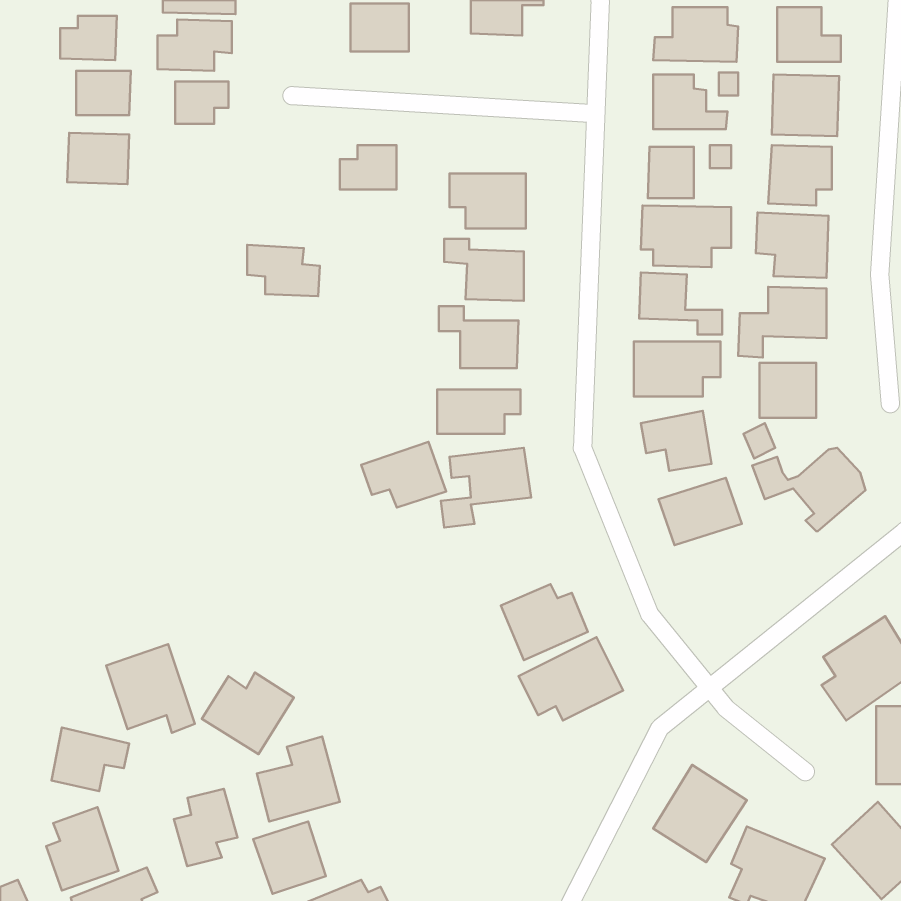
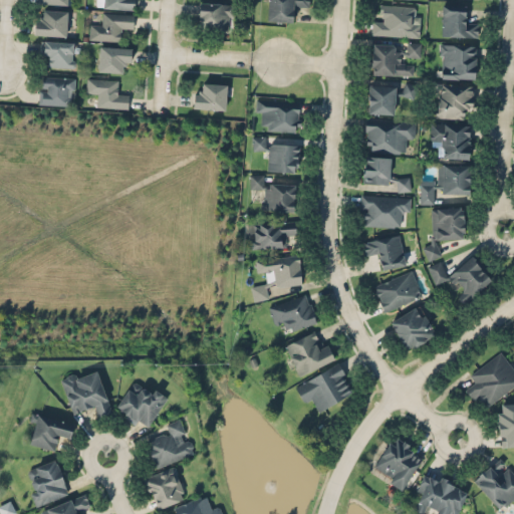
building: [247,245,320,296] -> [88,79,130,108]
building: [361,442,446,507] -> [270,295,318,332]
building: none -> [391,305,438,352]
building: [174,789,237,866] -> none

